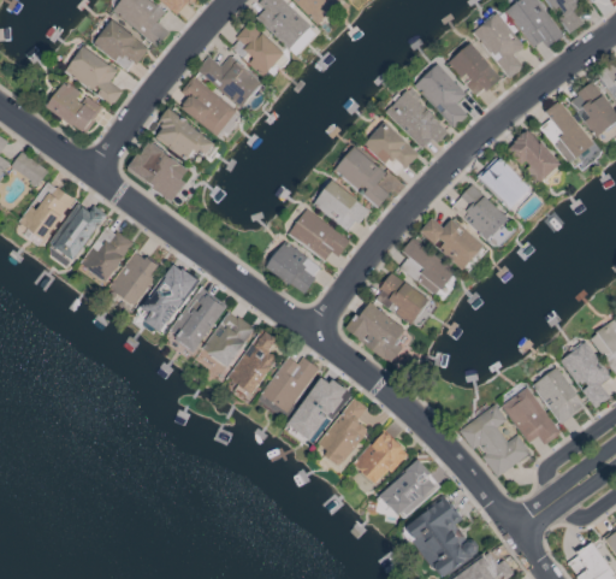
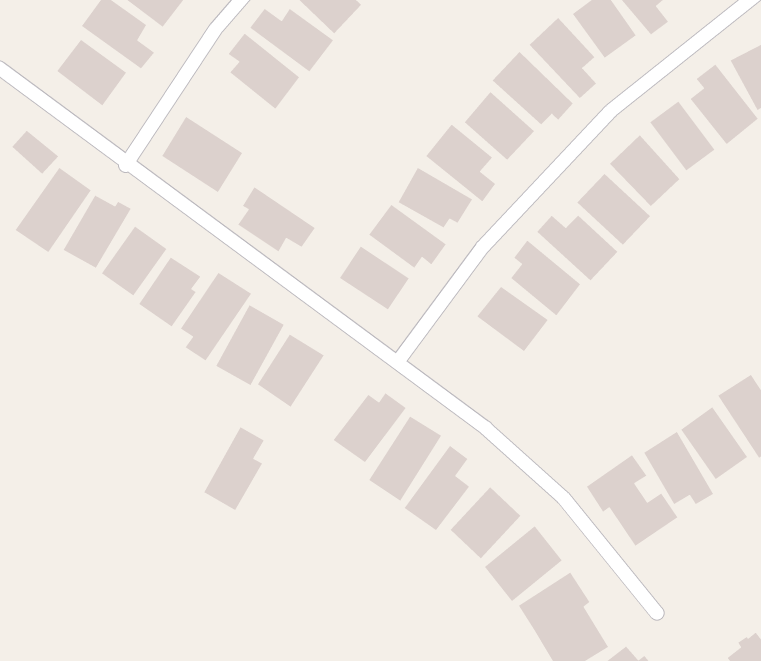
building: [154,108,215,160] -> [237,186,316,253]
building: [346,302,407,362] -> none
building: [230,327,278,394] -> [203,426,265,511]

